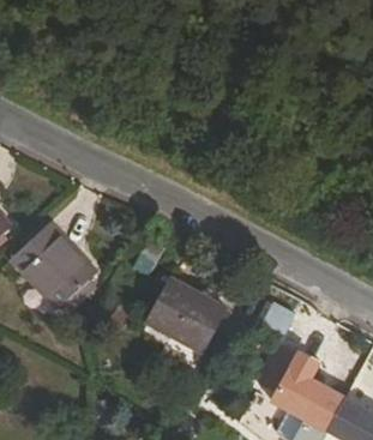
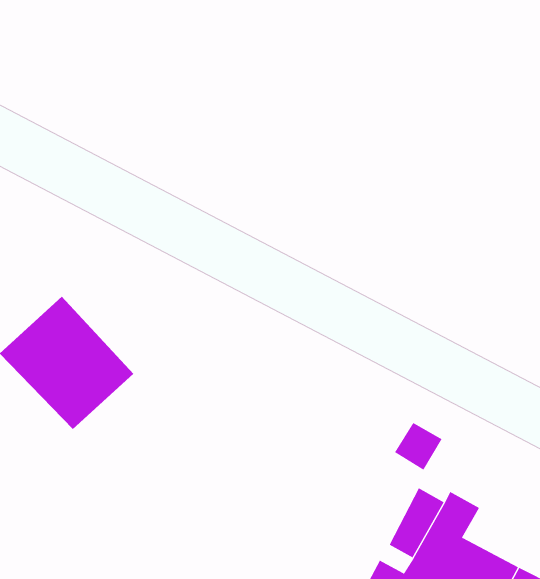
building: [145,282,228,361] -> none

